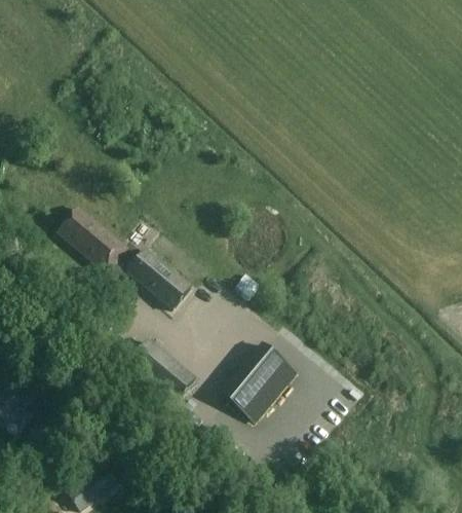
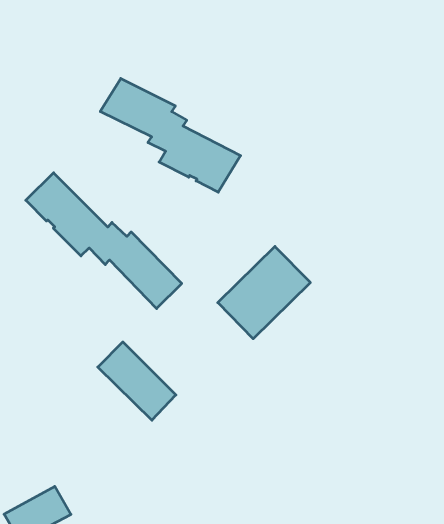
building: none -> [100,78,241,192]
building: [223,344,297,422] -> [218,246,310,339]

